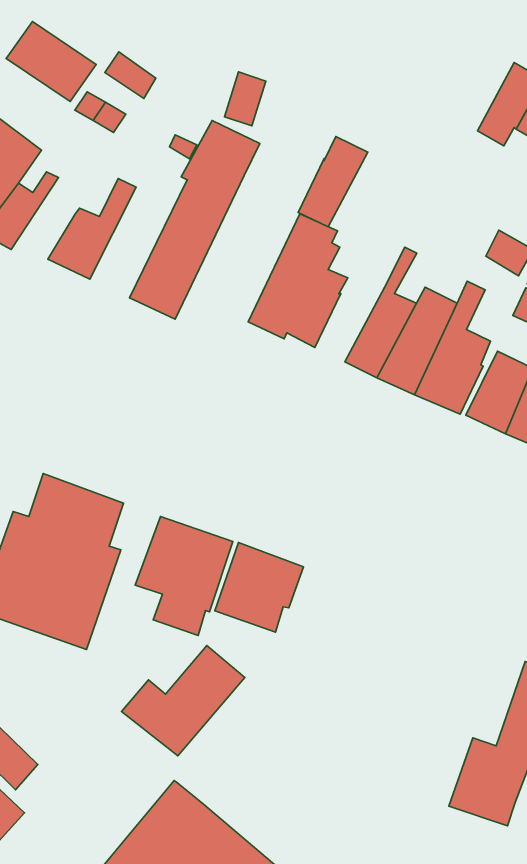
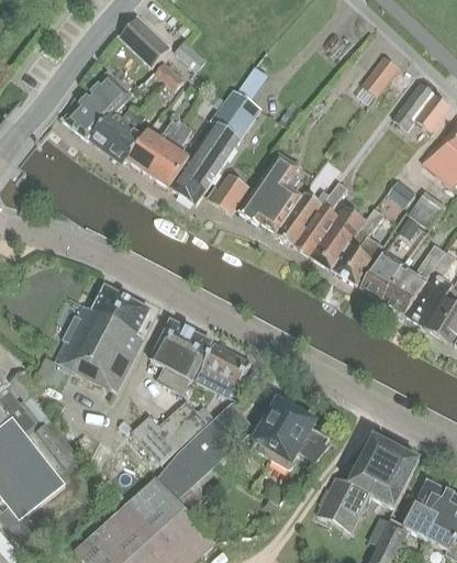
building: none -> [358,54,397,96]
building: [298,136,368,227] -> [276,190,322,243]
building: none -> [104,110,145,162]
building: none -> [148,122,192,187]
building: none -> [211,172,248,211]
building: none -> [255,399,333,466]
building: none -> [157,405,247,493]

